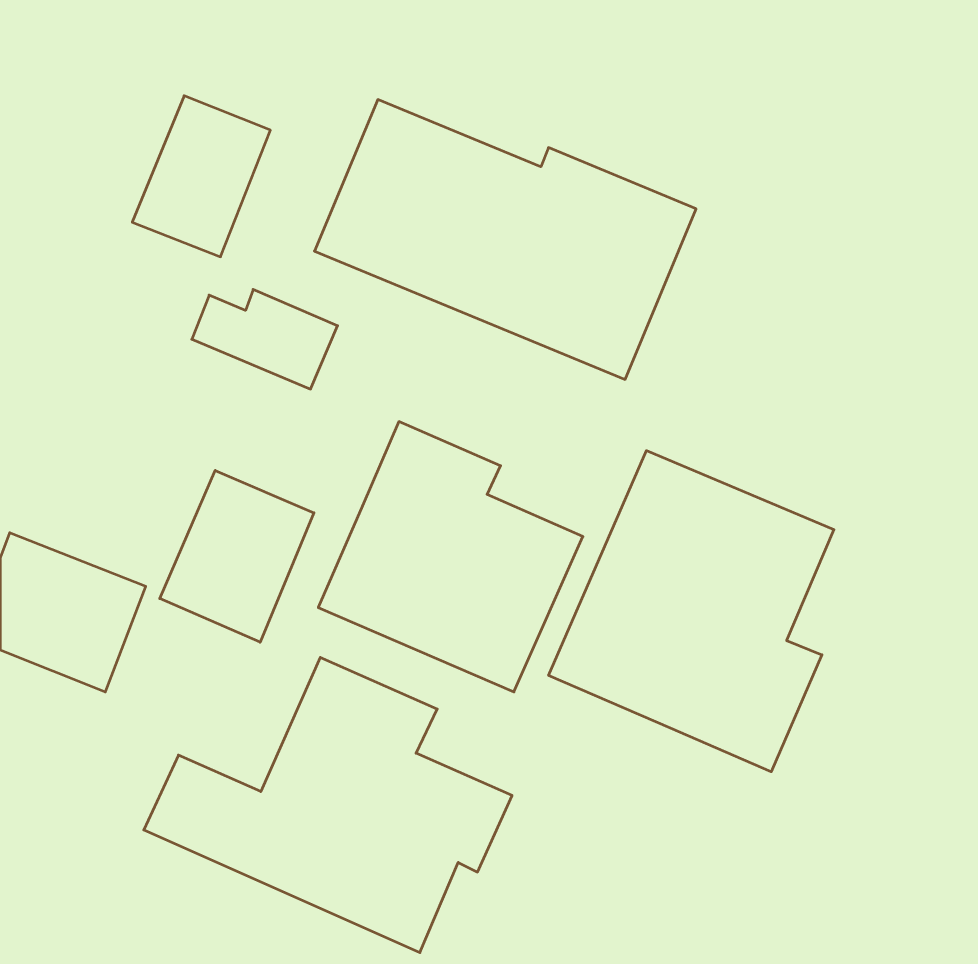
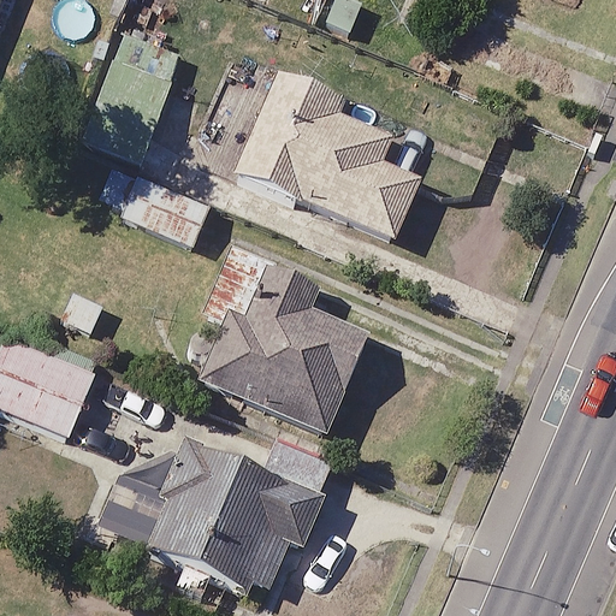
building: [549,451,834,772] -> none
building: [160,470,314,642] -> none

